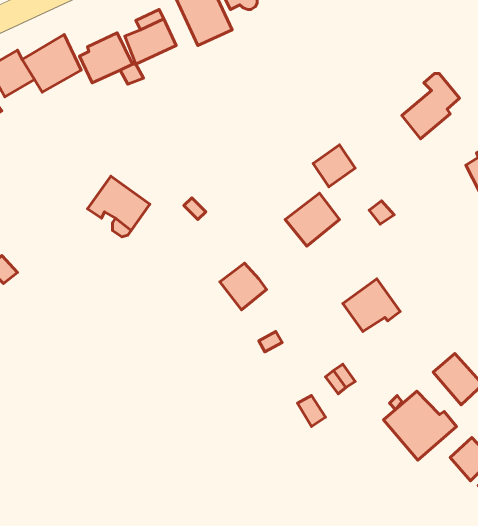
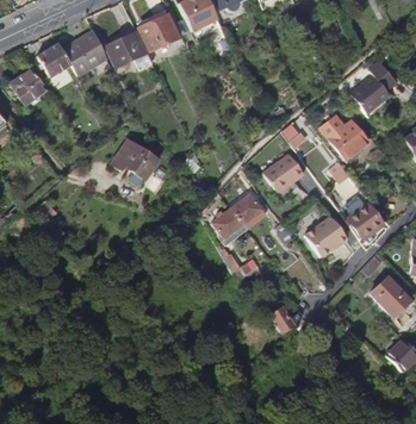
building: none -> [329,120,367,157]
building: none -> [231,192,266,226]
building: none -> [349,202,383,236]
building: [383,391,457,460] -> none

